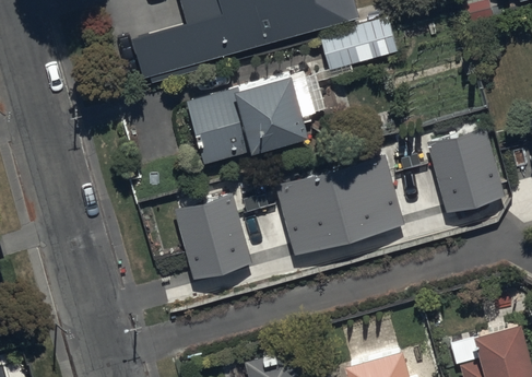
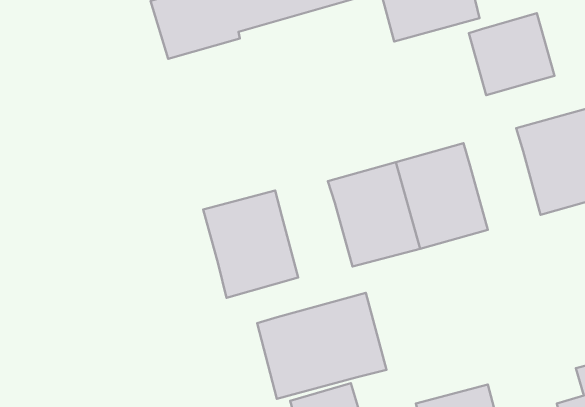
building: none -> [469,13,555,95]
building: [186,78,309,166] -> none
building: none -> [257,293,386,399]

